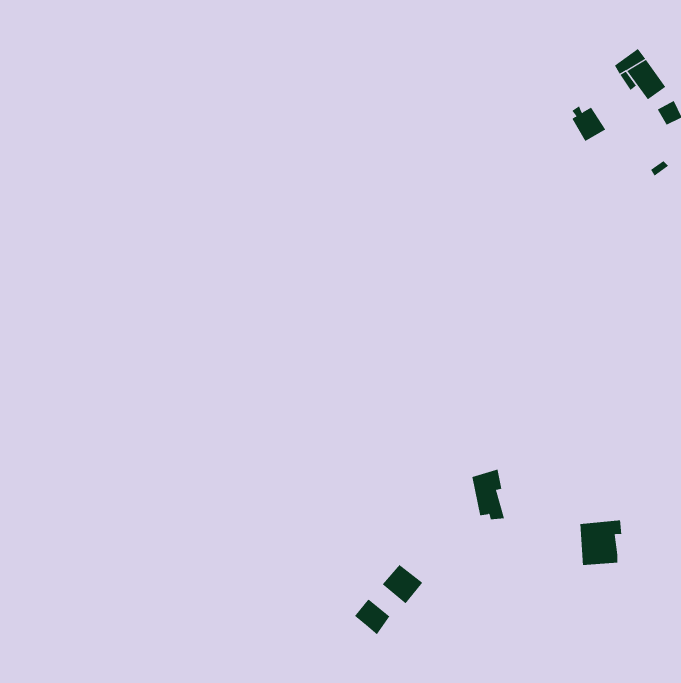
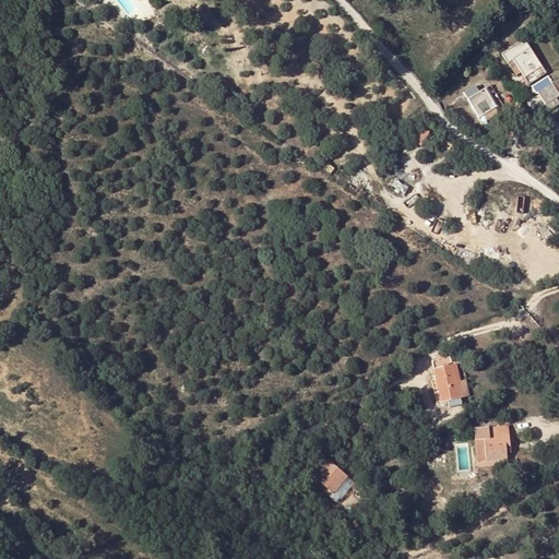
building: [471,469,505,520] -> [435,364,462,405]
building: [354,598,390,635] -> none

